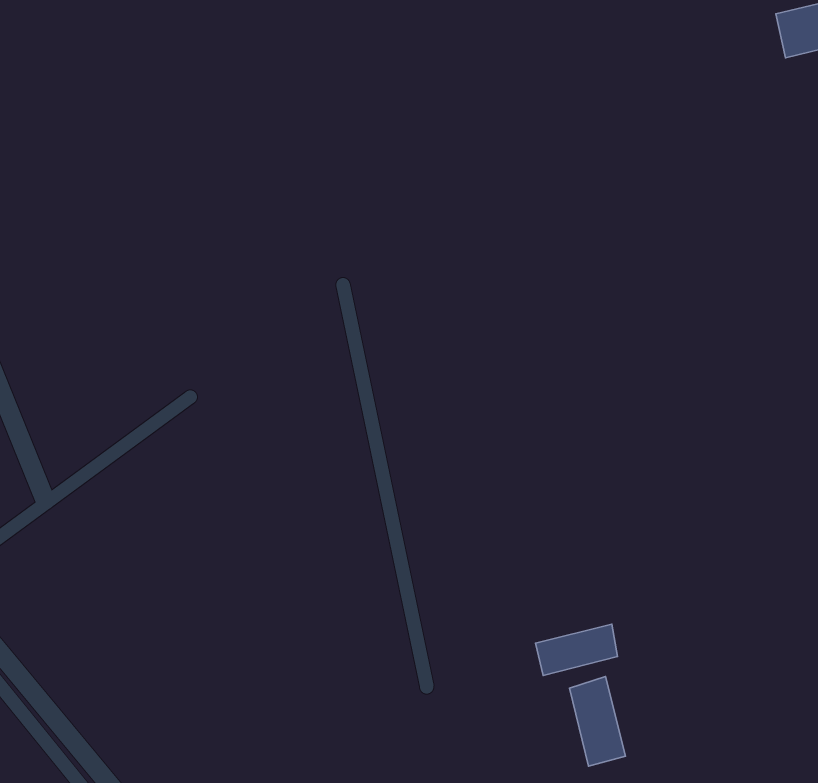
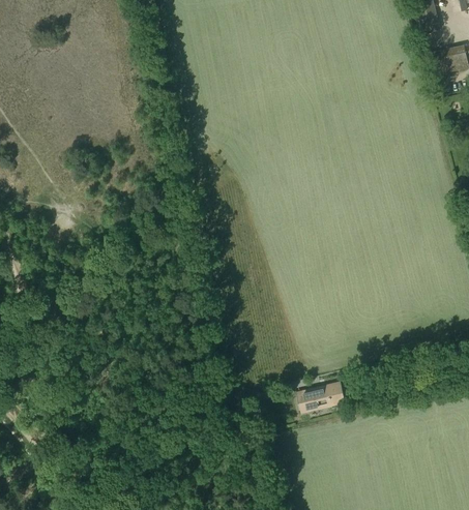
building: [569,677,625,766] -> none

